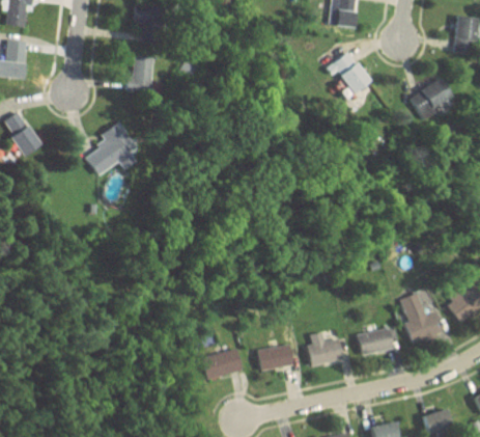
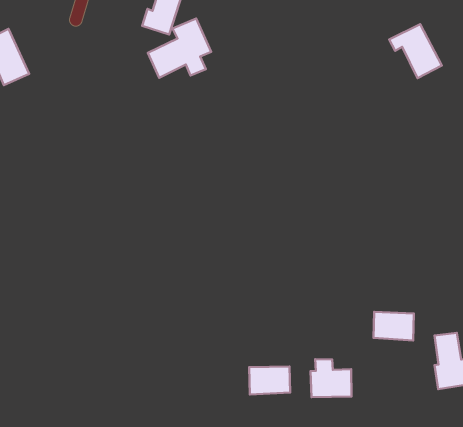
building: [84,122,135,175] -> [148,18,211,78]
building: [359,329,394,354] -> [374,312,414,341]
building: [202,350,242,378] -> none

